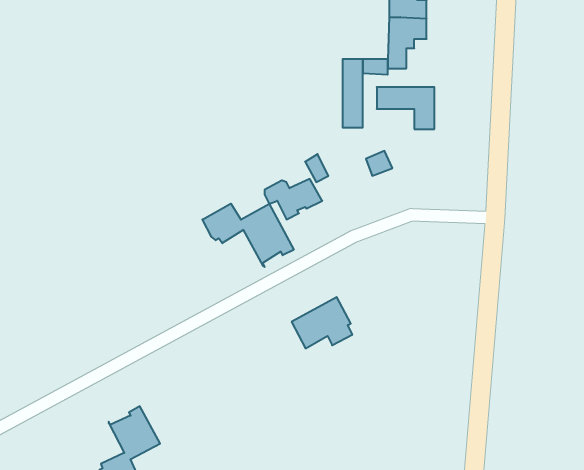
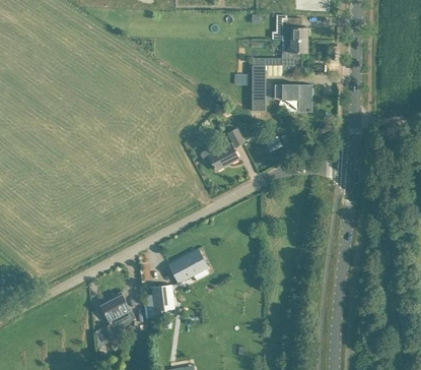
building: [202,204,294,267] -> none
building: [292,297,352,348] -> [169,249,209,283]
building: none -> [144,285,176,319]

